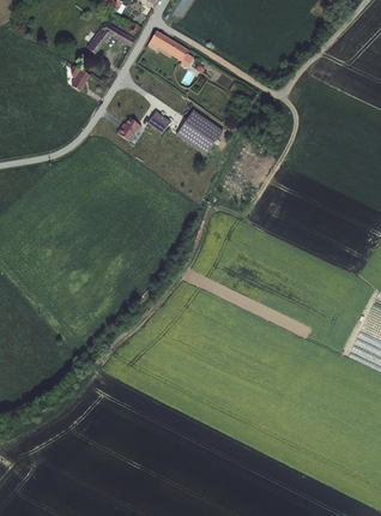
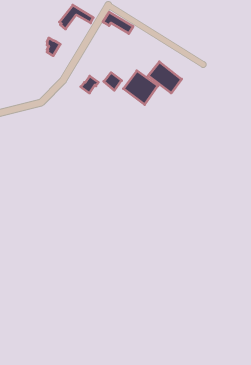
building: none -> [148,62,182,93]

